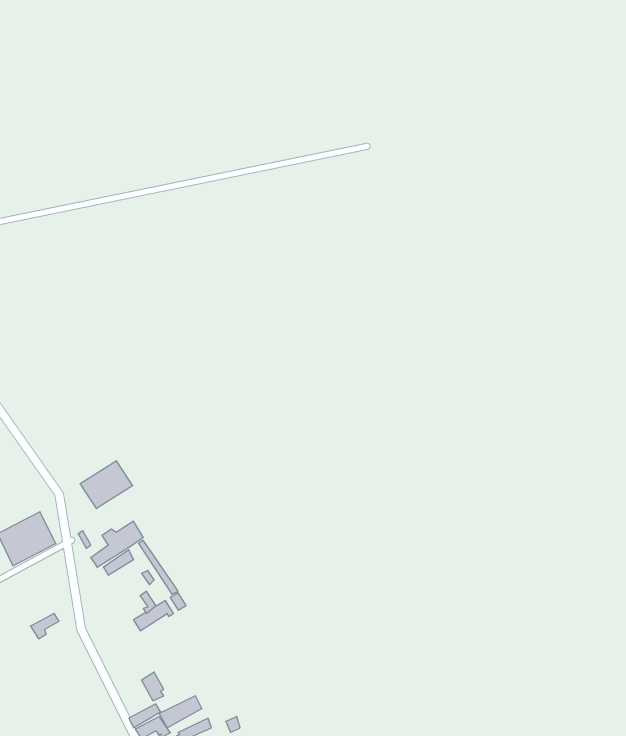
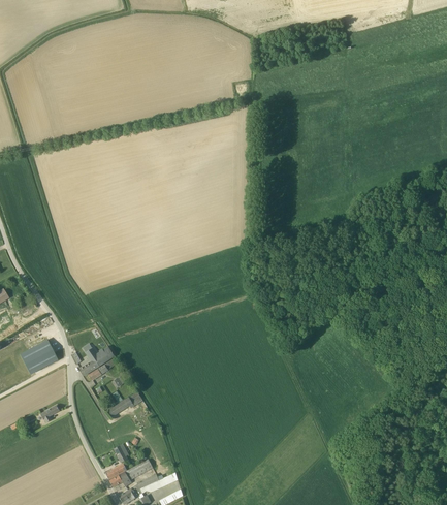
building: [80,461,133,509] -> none

